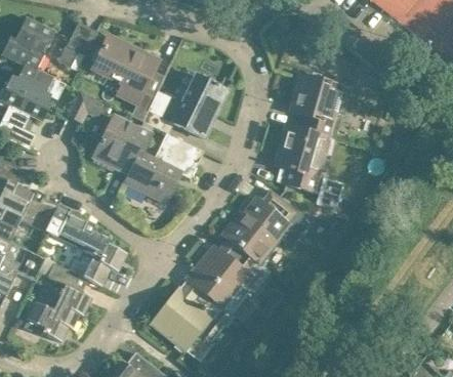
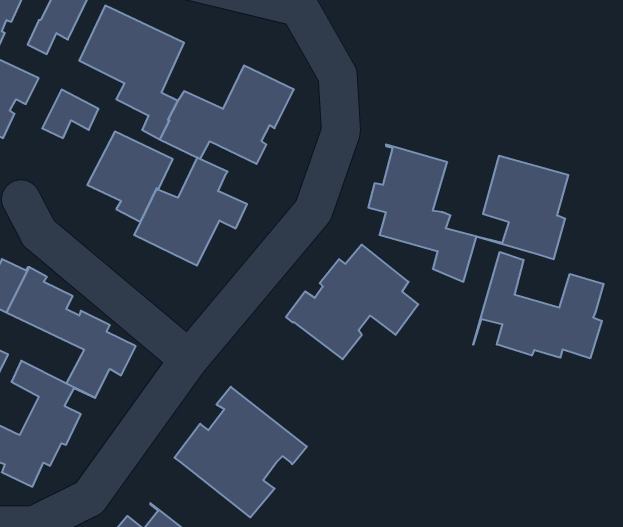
building: [285,74,343,139] -> [476,156,568,259]
building: none -> [473,252,604,358]
building: [184,238,270,317] -> none

